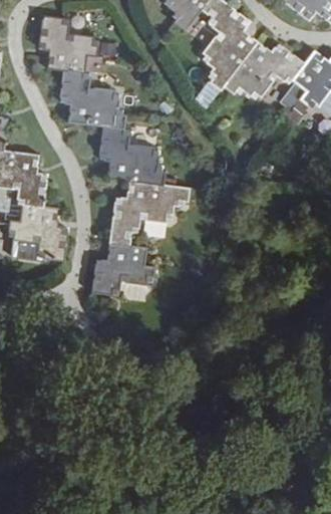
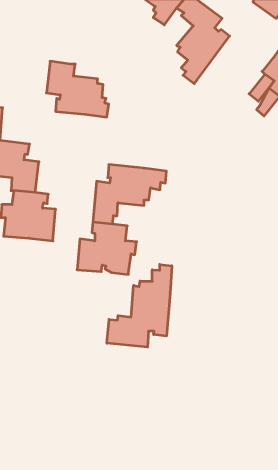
building: [40,14,99,70] -> none
building: [221,40,304,99] -> none
building: [95,124,164,183] -> none
building: none -> [107,264,172,347]

